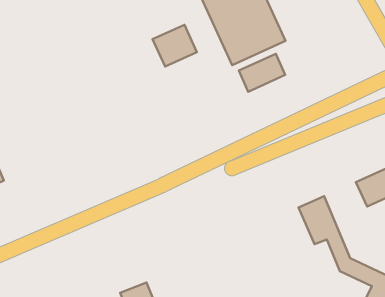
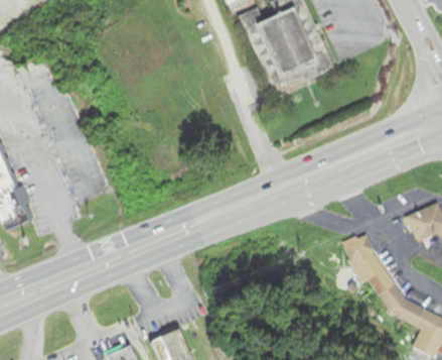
building: [153,25,197,67] -> none
building: [239,54,285,92] -> none

